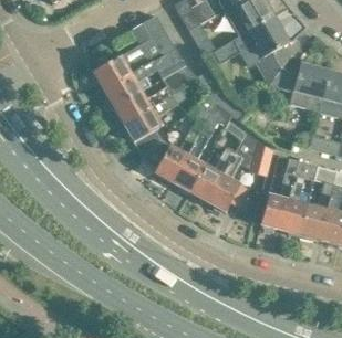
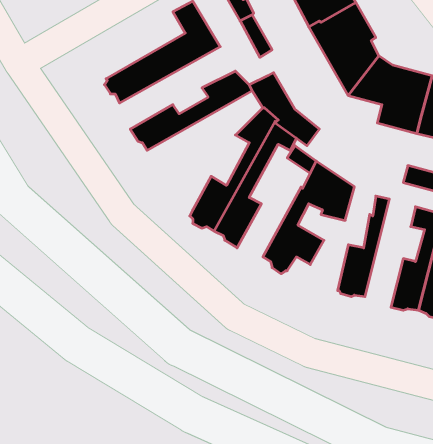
building: [104,49,188,108] -> none
building: [124,95,179,157] -> none
building: [189,146,236,201] -> none
building: [282,159,319,237] -> none

